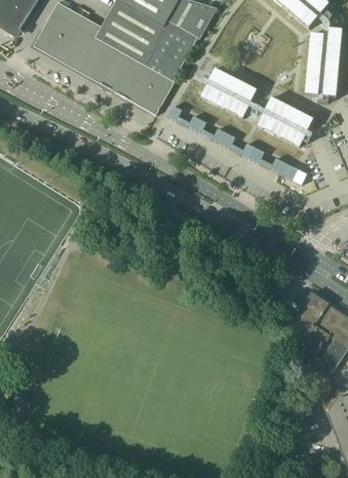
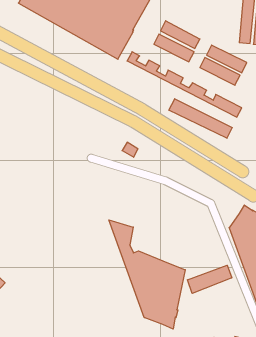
building: none -> [169,99,232,138]
building: none -> [109,220,185,329]
building: none -> [187,265,232,293]

